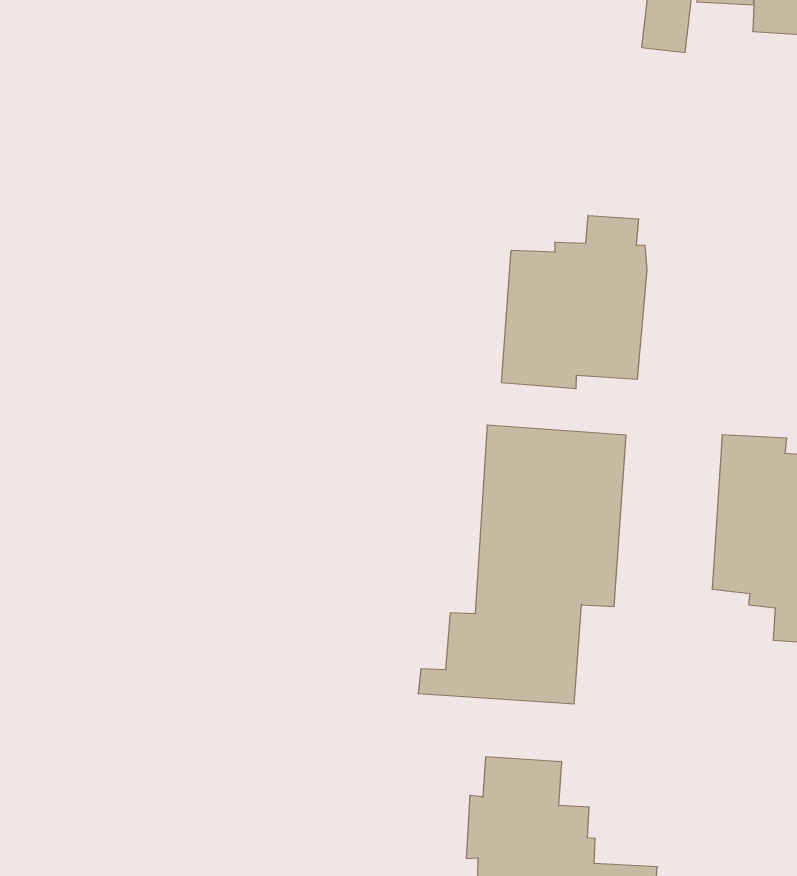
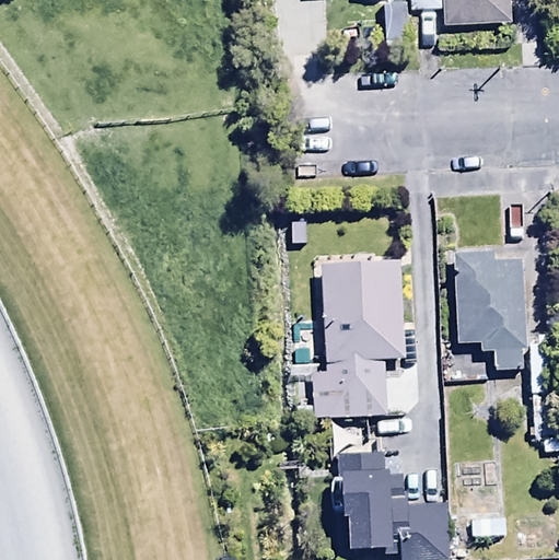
building: [502,215,647,389] -> none

